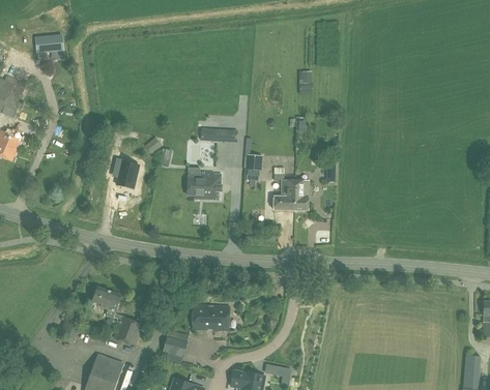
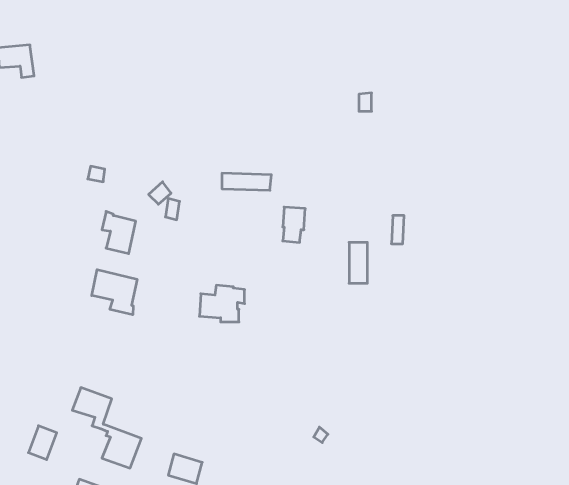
building: [186,172,220,199] -> [199,285,245,322]
building: [272,180,294,210] -> none
building: none -> [92,270,137,315]
building: [192,304,228,330] -> none

